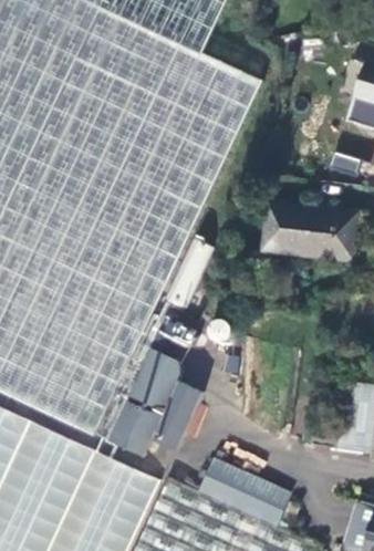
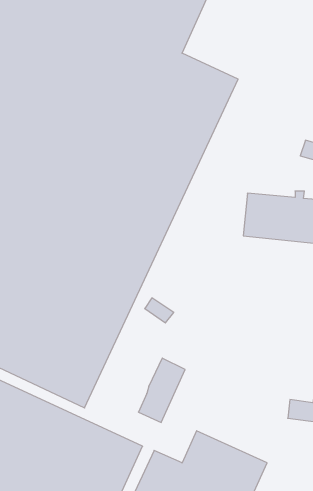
building: [160,237,211,309] -> none
building: [129,353,180,414] -> none
building: [107,405,162,460] -> none

